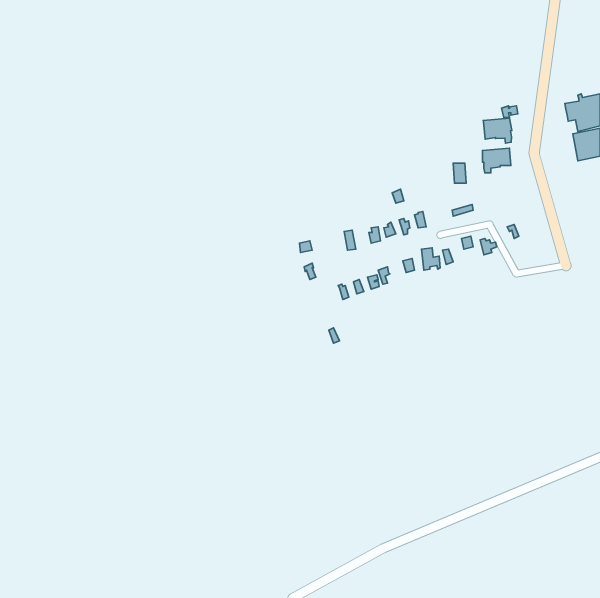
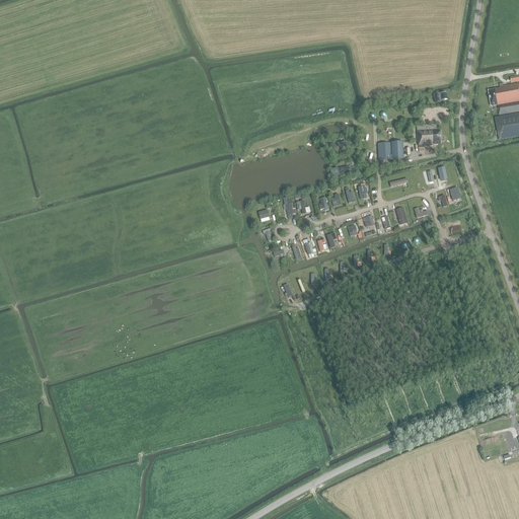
building: [483,118,512,143] -> none

